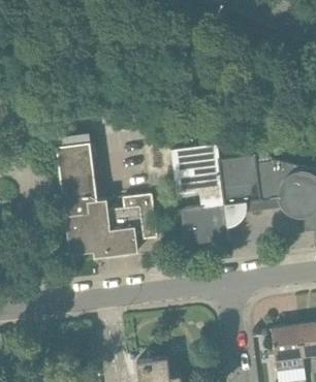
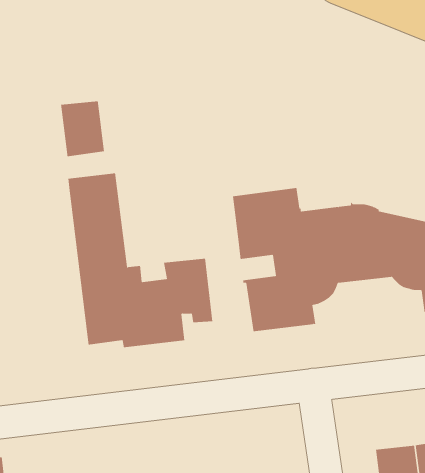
building: none -> [61,100,104,157]

